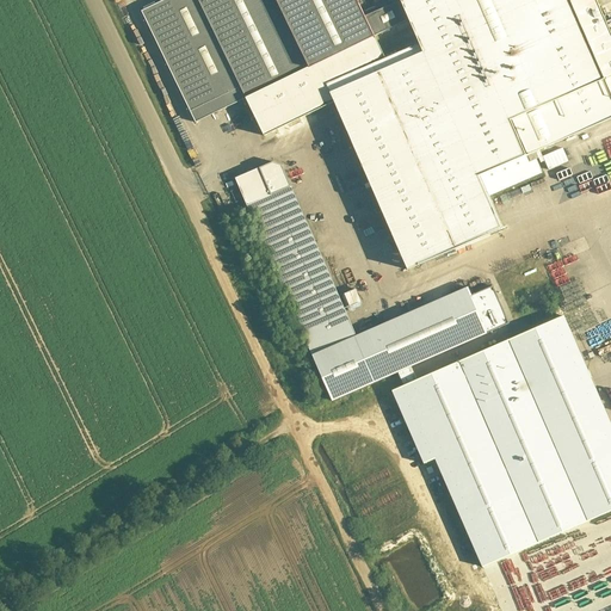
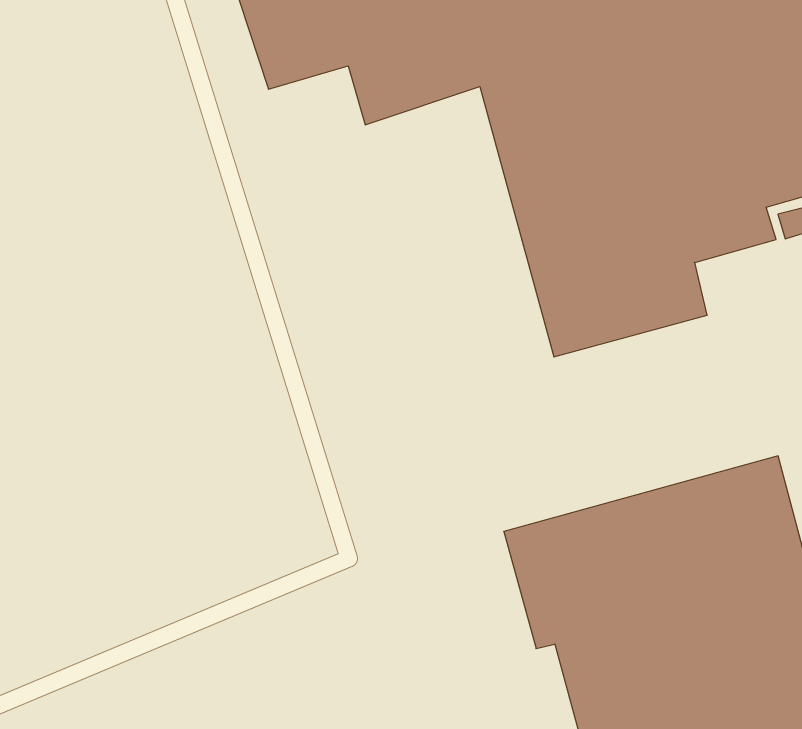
building: [234,160,510,400] -> none

